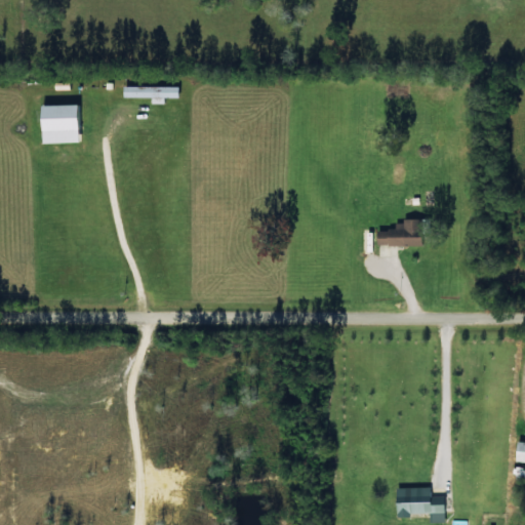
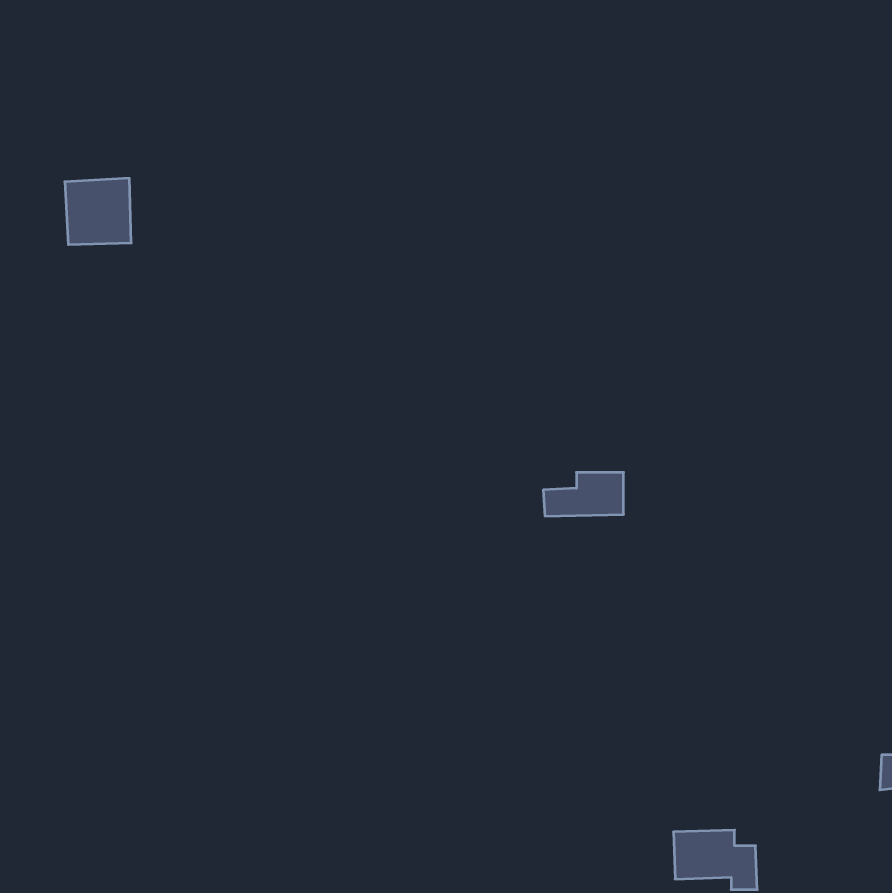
building: [124,86,179,104] -> none
building: [376,220,423,246] -> [543,472,624,516]

